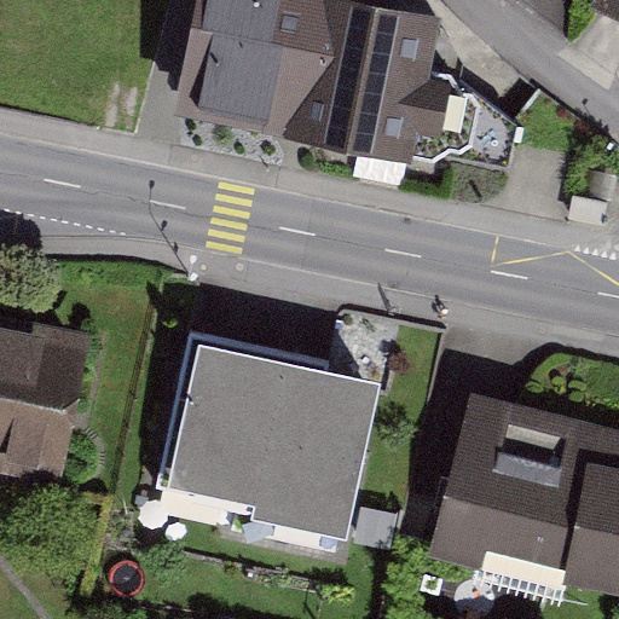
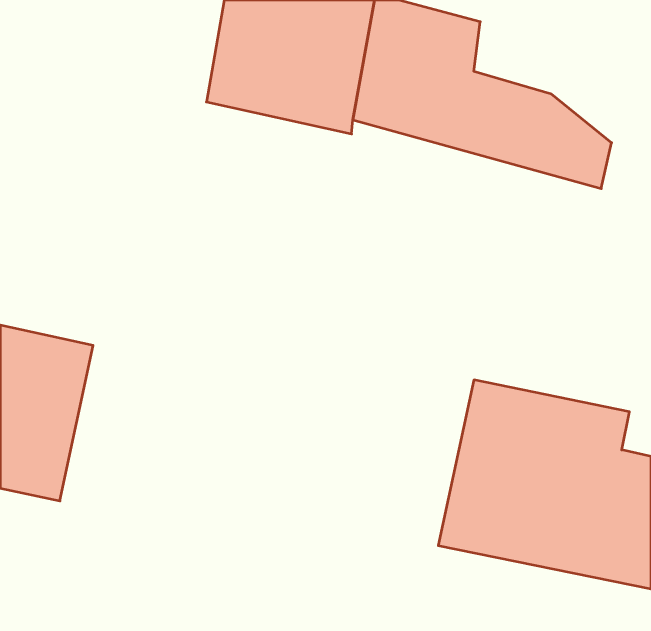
building: [189,337,357,536] -> none

